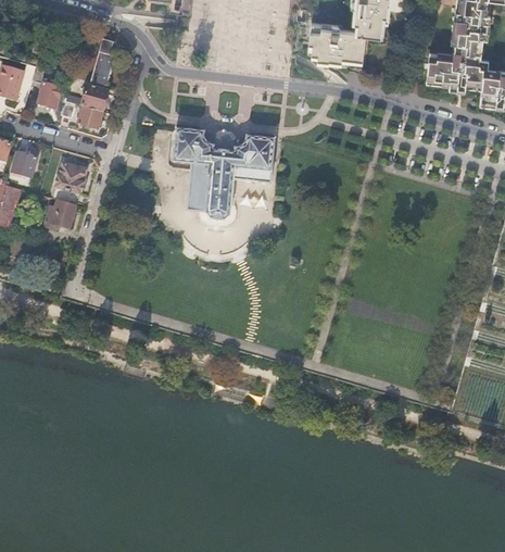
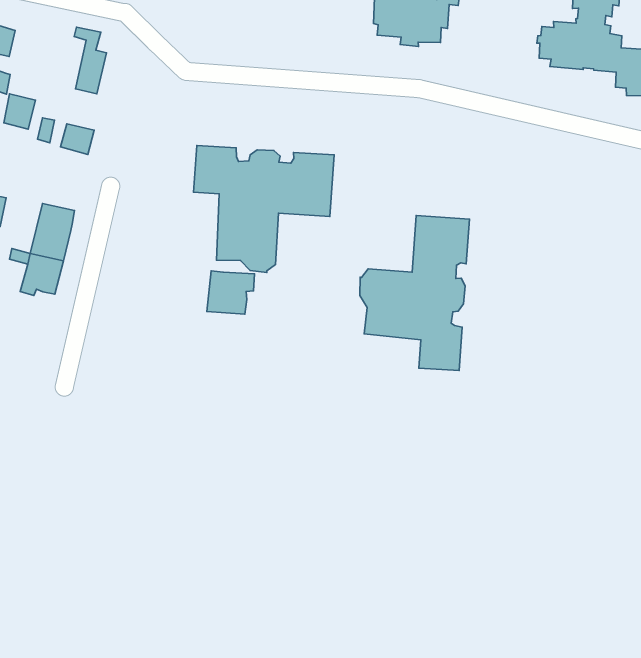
building: [81,84,109,111] -> none
building: none -> [360,216,469,370]
building: none -> [207,271,255,314]

